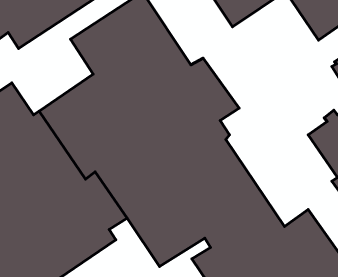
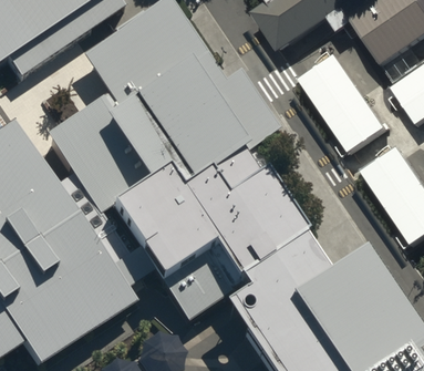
building: none -> [301,45,389,153]

